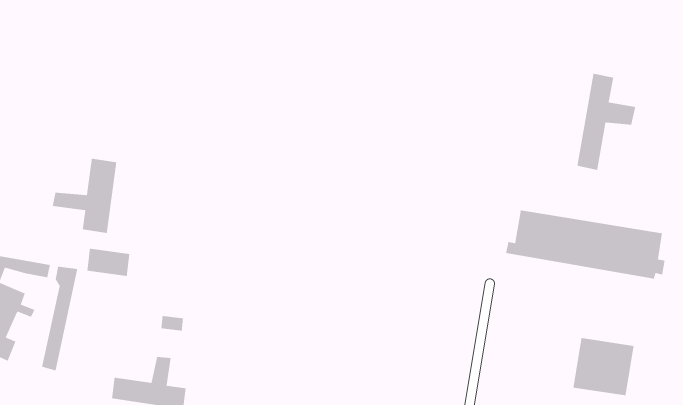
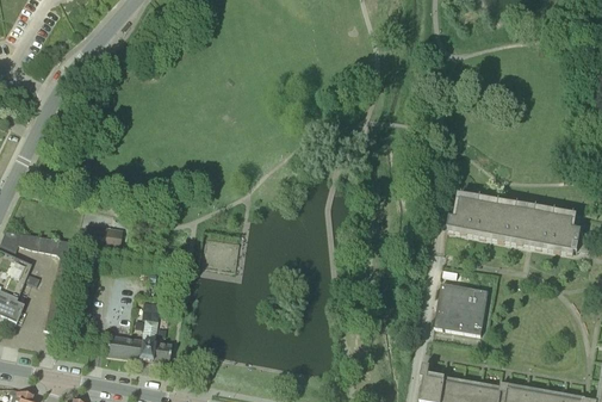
building: [577,73,636,171] -> none
building: [52,158,117,234] -> none
building: [573,337,634,396] -> [434,283,488,334]

